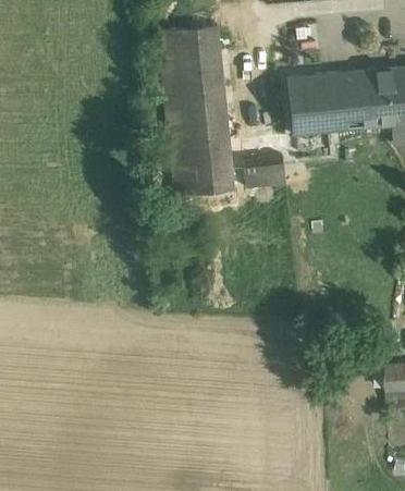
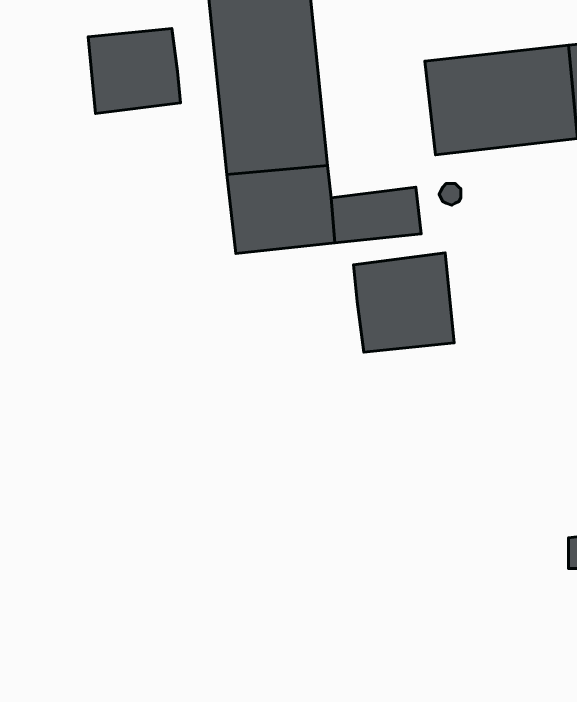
building: none -> [88,28,181,113]
building: none -> [354,253,454,352]

